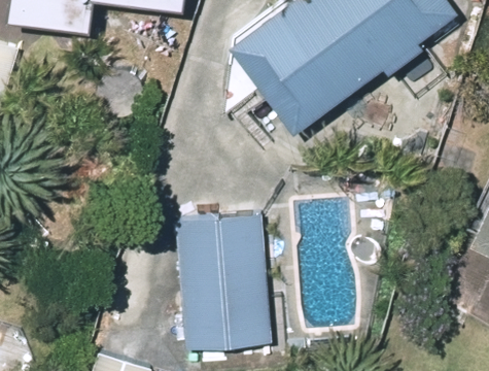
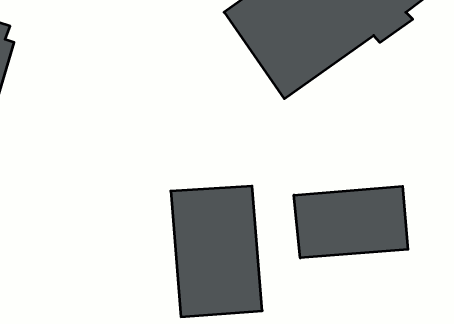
building: none -> [294,186,408,258]

